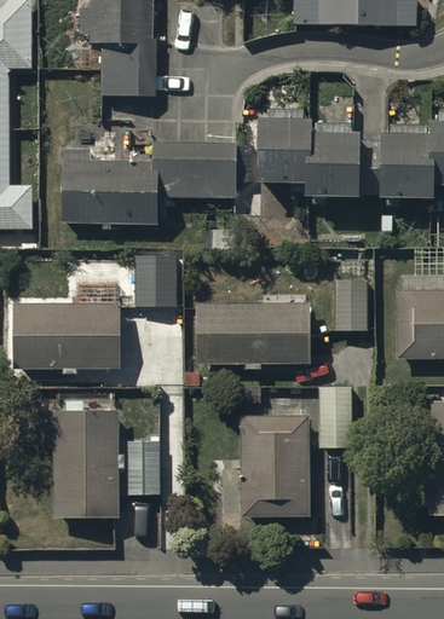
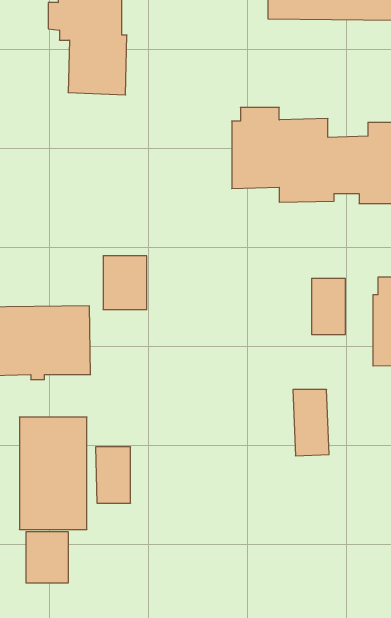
building: [64,140,236,224] -> none
building: [197,302,311,368] -> none
building: [241,413,311,516] -> none
building: none -> [26,532,68,583]

